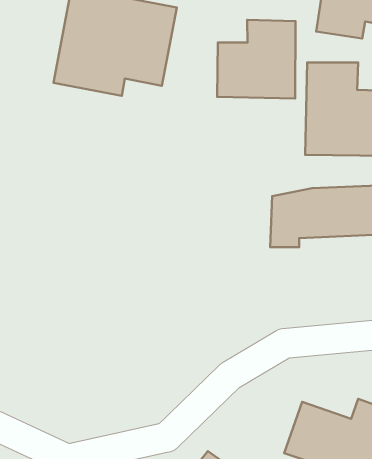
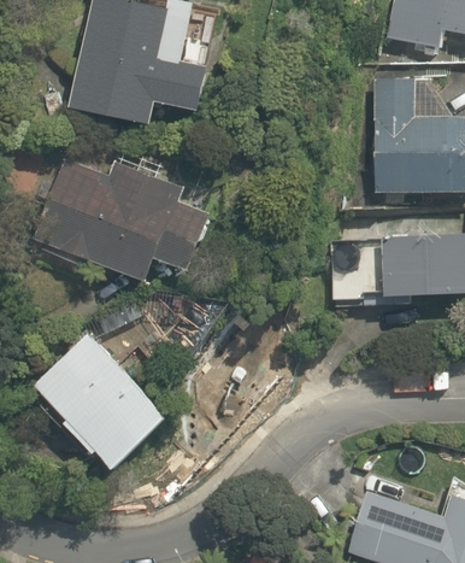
building: [217,20,296,98] -> none
building: none -> [42,156,202,282]
building: none -> [29,332,164,470]

